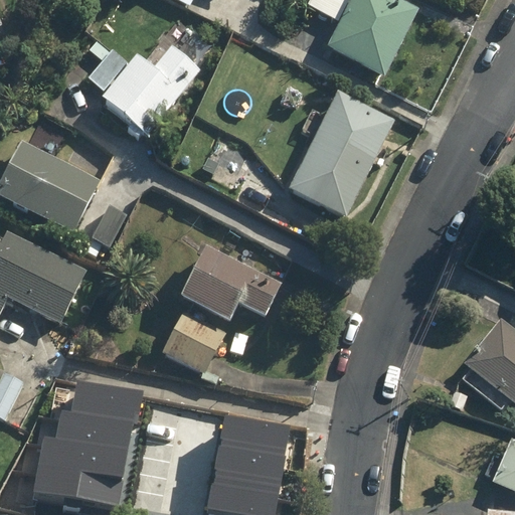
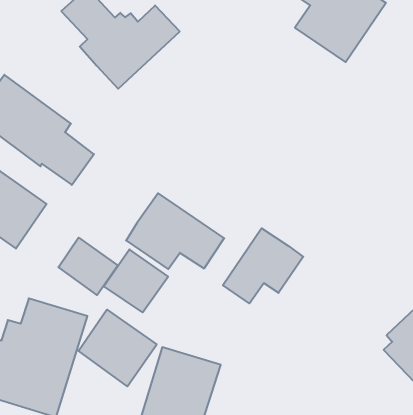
building: [285,94,391,217] -> none
building: none -> [223,228,303,303]
building: none -> [58,238,118,295]
building: none -> [79,310,157,386]

